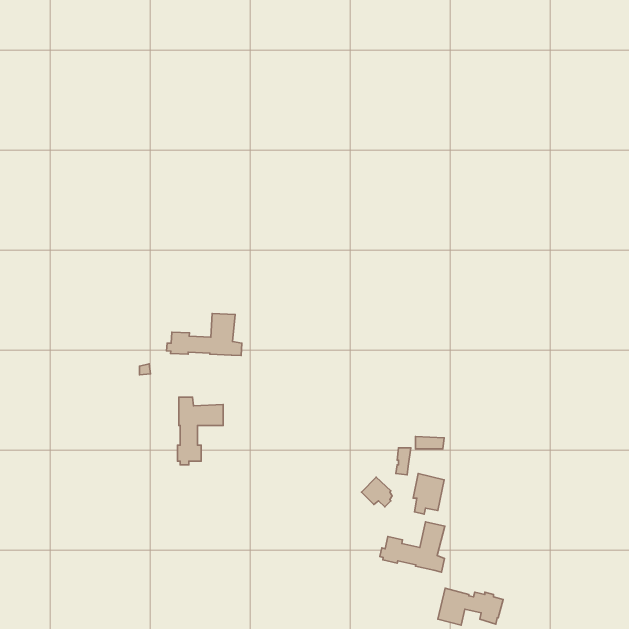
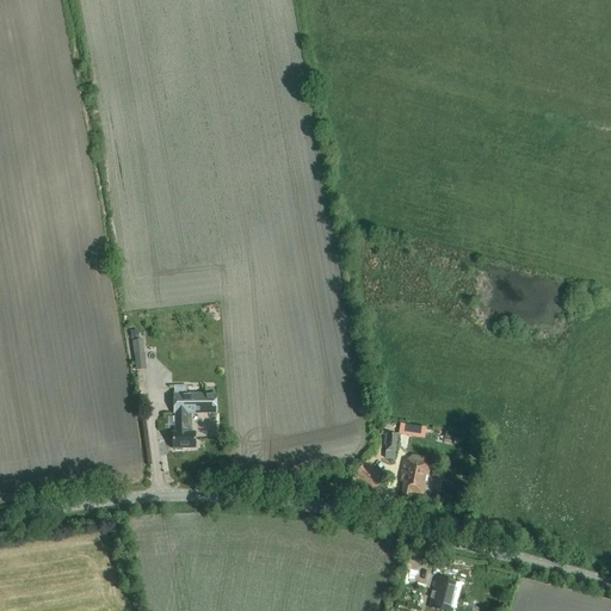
building: [167,314,242,356] -> none
building: [380,522,445,572] -> none

